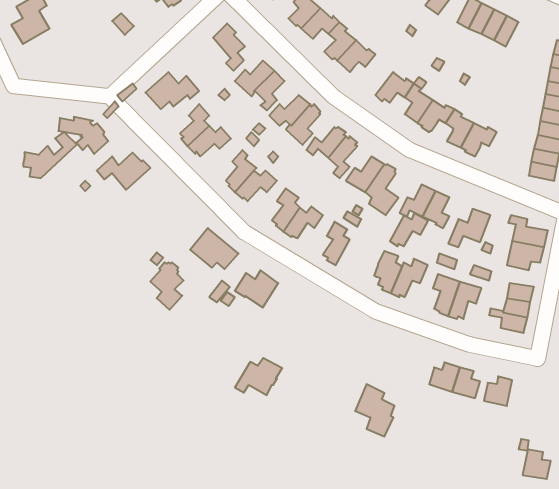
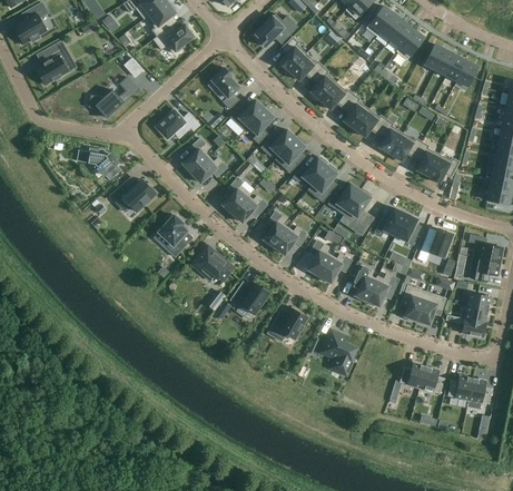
building: none -> [342,94,367,129]
building: [23,132,77,178] -> [90,77,137,117]
building: [390,213,428,246] -> [317,253,351,282]
building: [150,262,184,310] -> [157,215,186,256]
building: [235,358,282,395] -> [266,307,307,340]
building: [355,384,395,437] -> [319,328,354,374]
building: [523,449,551,479] -> [466,377,491,403]

